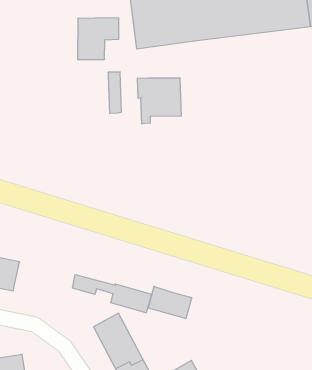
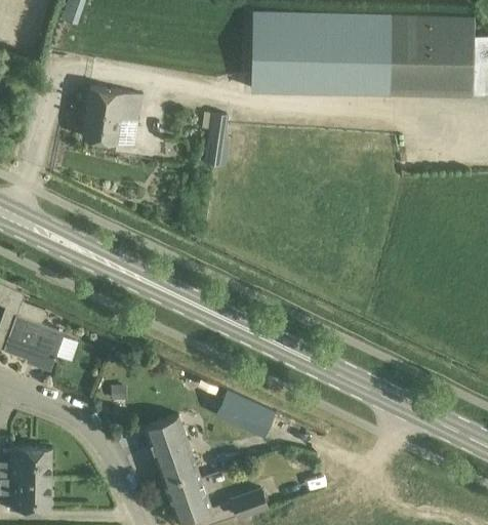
building: [78,18,119,60] -> [82,88,141,145]
building: [137,78,181,124] -> none
building: [72,275,151,313] -> none

